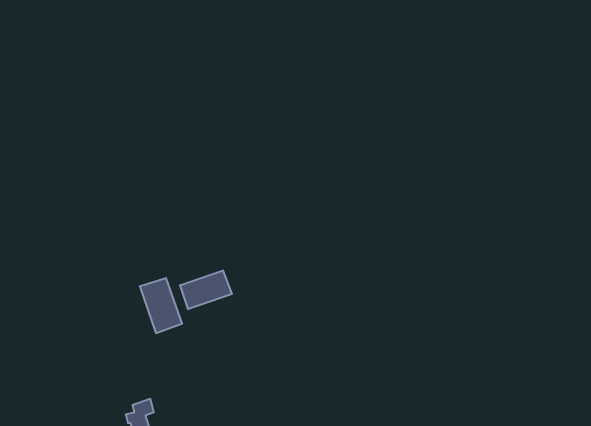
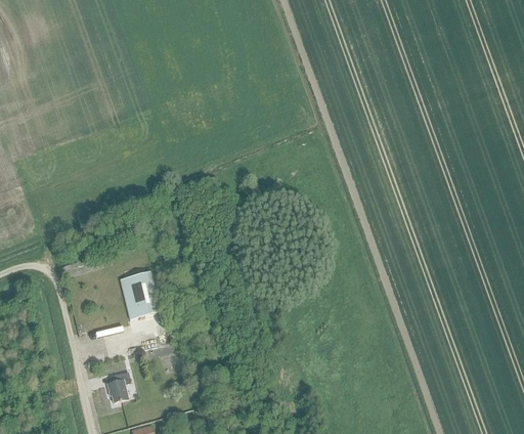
building: [180,270,232,309] -> none

